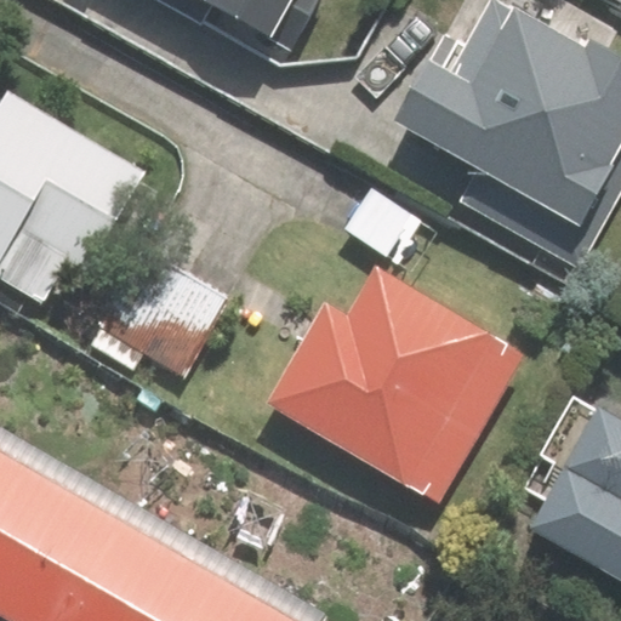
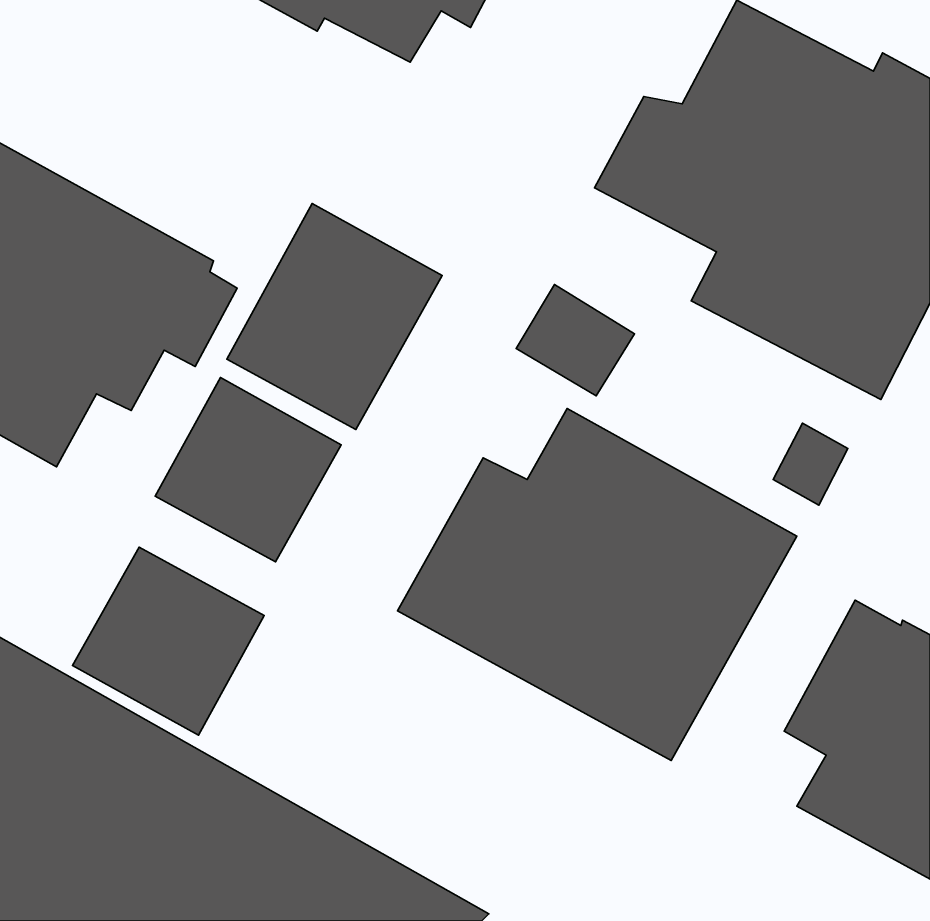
building: none -> [227,203,442,429]
building: none -> [72,547,264,735]

